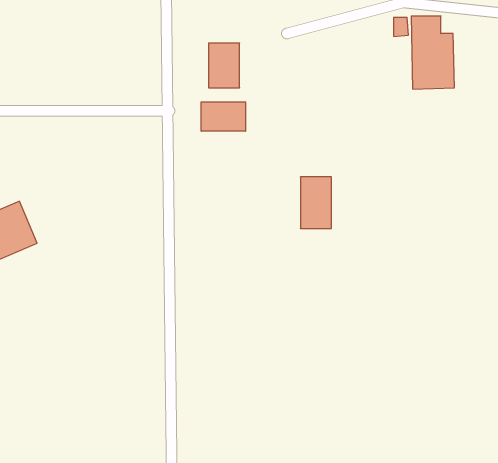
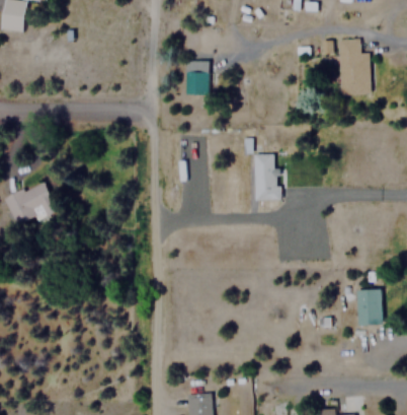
building: [201,102,246,131] -> none
building: none -> [355,288,383,325]

